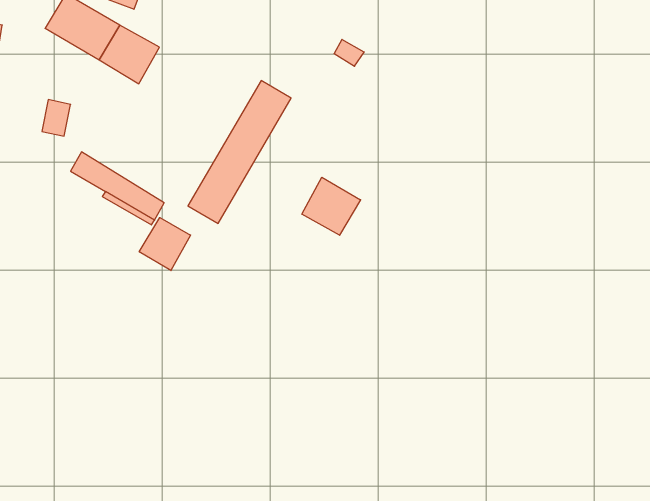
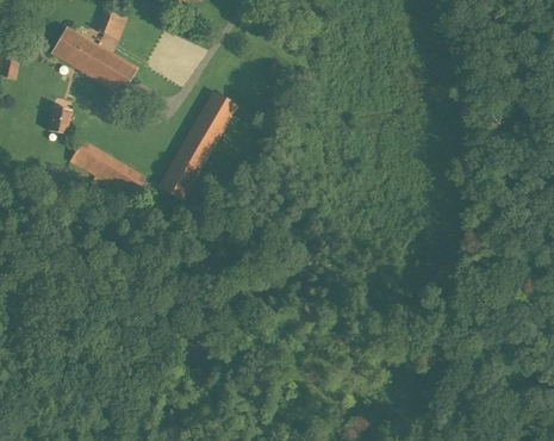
building: [302,177,361,235] -> none
building: [139,218,191,271] -> none

